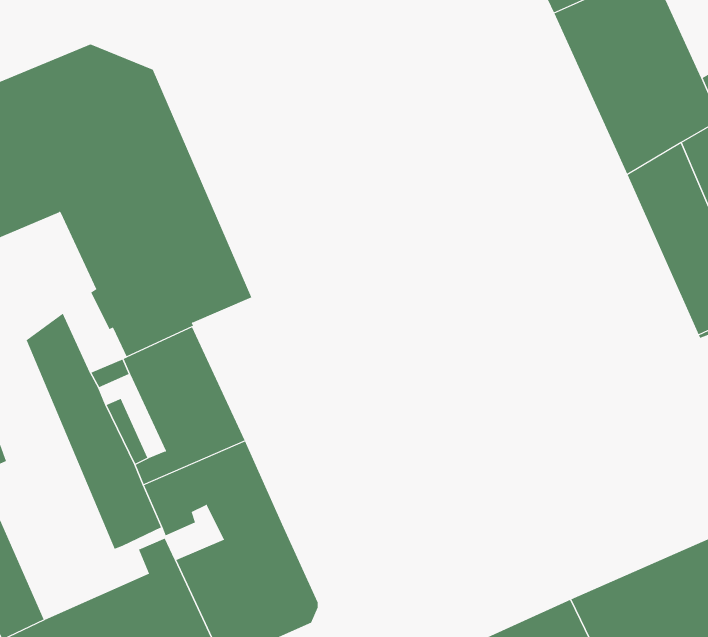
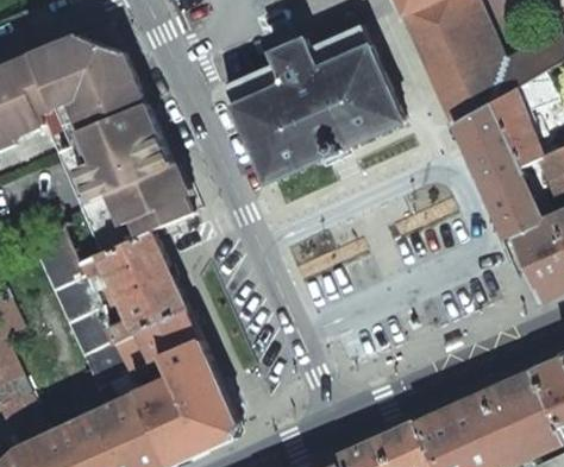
building: none -> [223,26,402,183]

